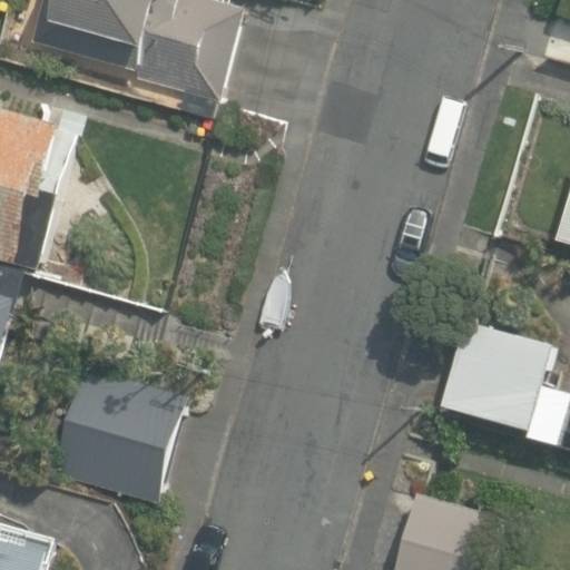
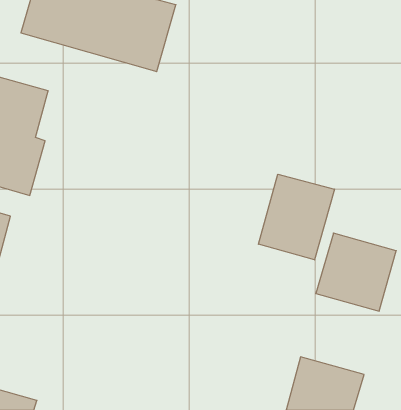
building: none -> [258,174,335,260]
building: [49,366,185,500] -> none

